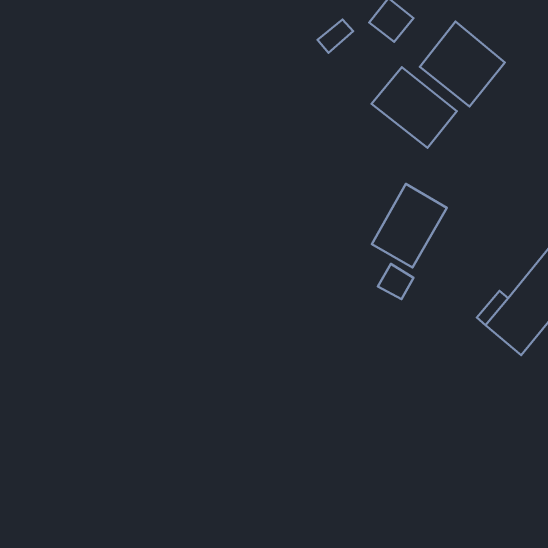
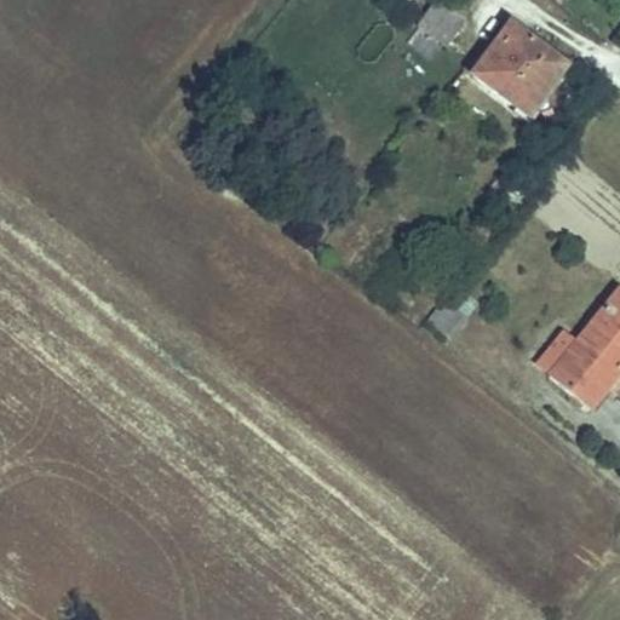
building: [371,67,457,148] -> none
building: [372,184,447,268] -> none

